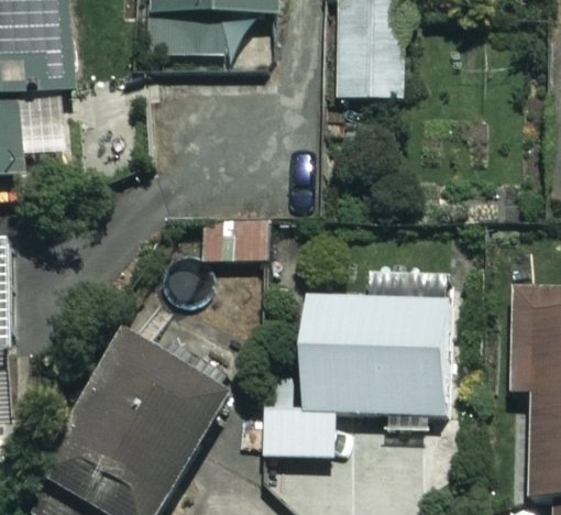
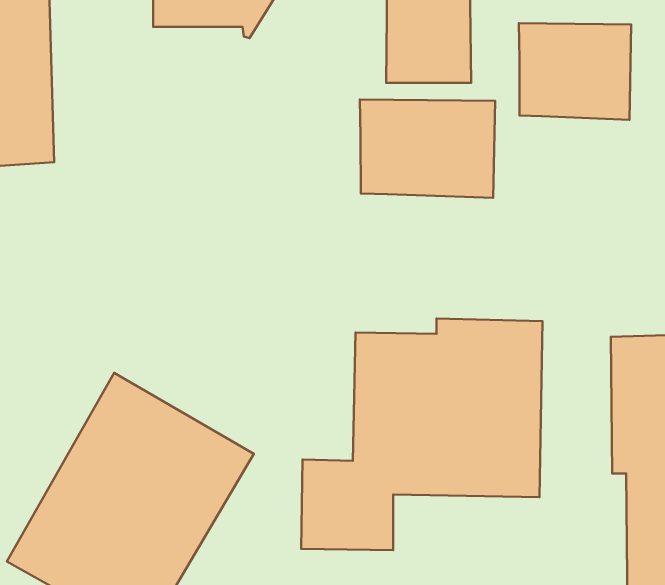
building: none -> [519,23,631,120]
building: none -> [360,100,495,198]

